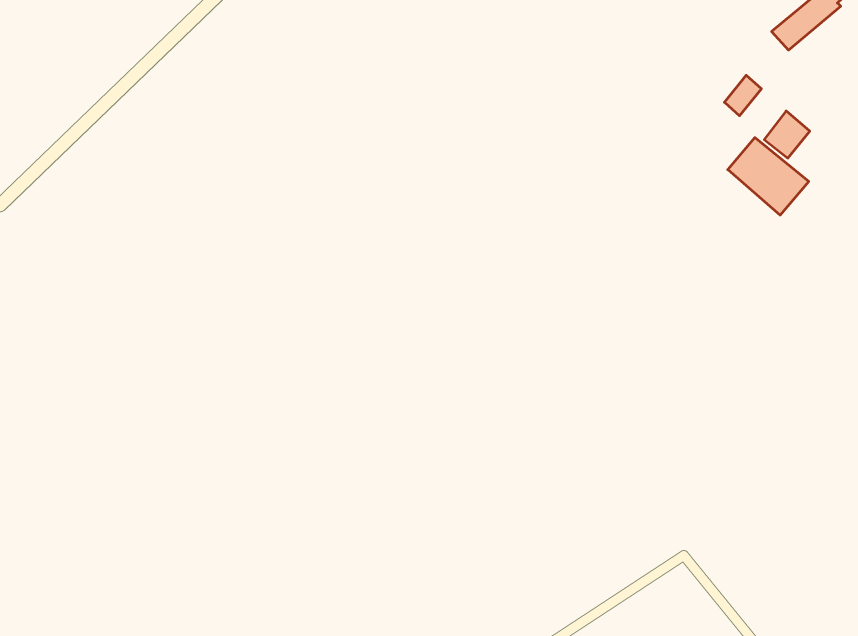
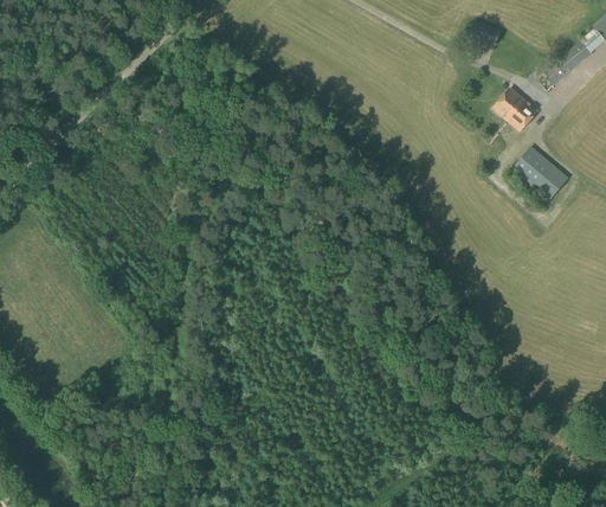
building: [764,111,810,158] -> [494,86,526,120]

